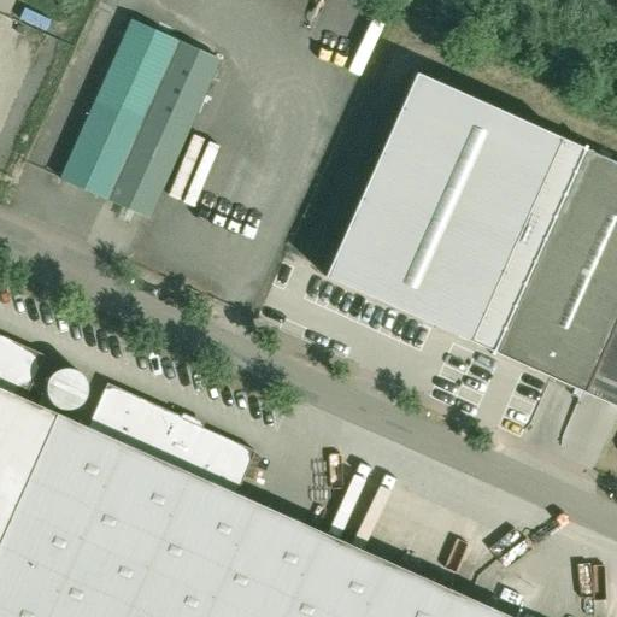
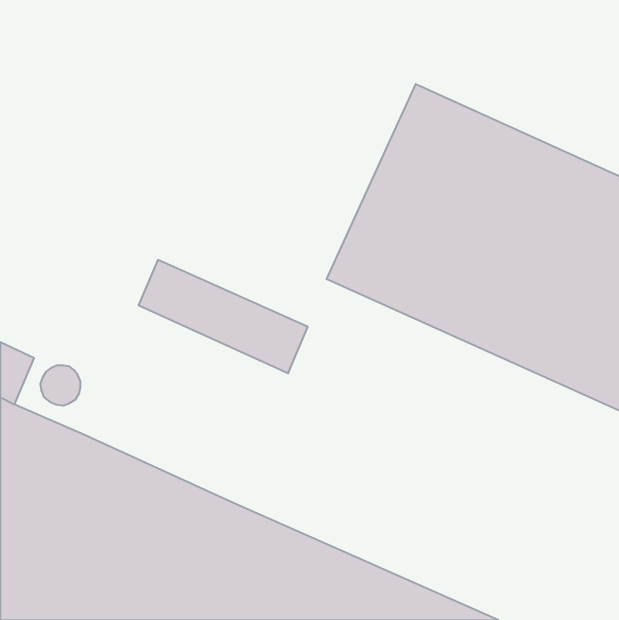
building: [57,18,225,216] -> none
building: [87,386,254,498] -> [138,260,308,373]

